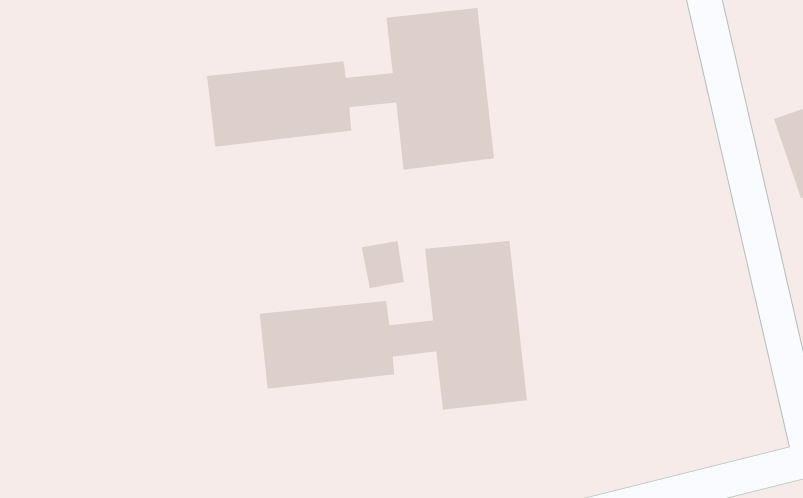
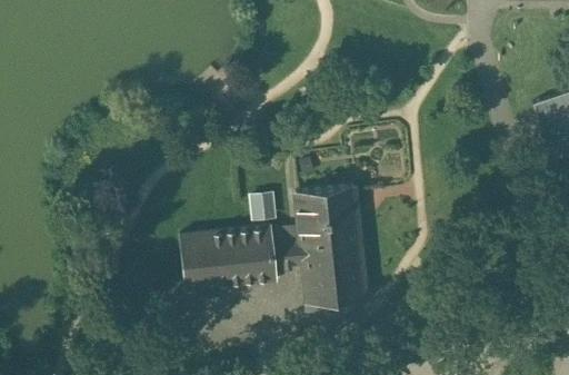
building: [206,7,495,171] -> none

